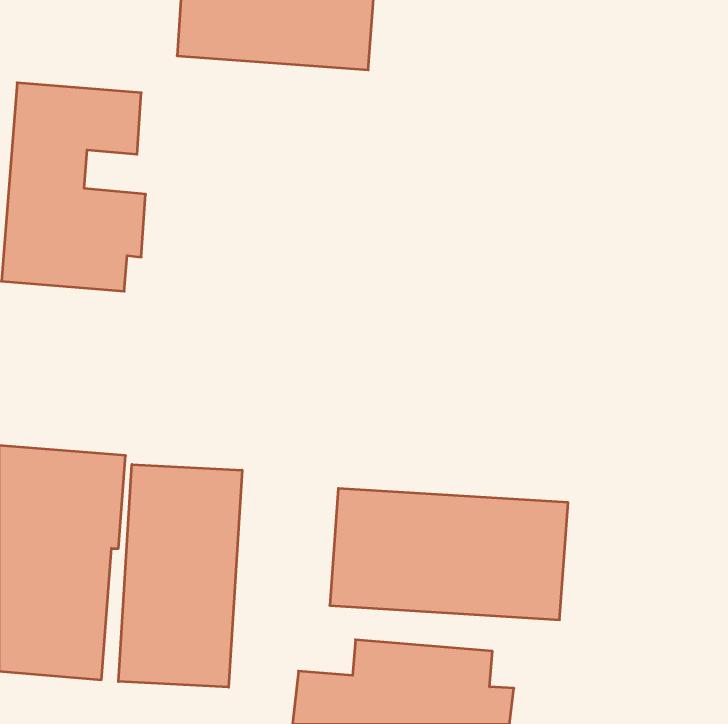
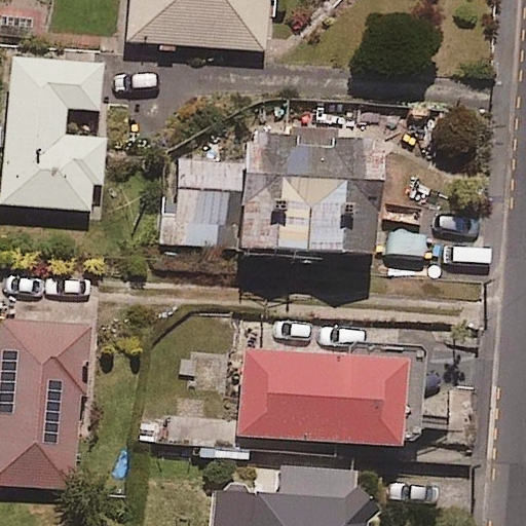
building: none -> [158,147,383,258]
building: [118,464,242,687] -> none

